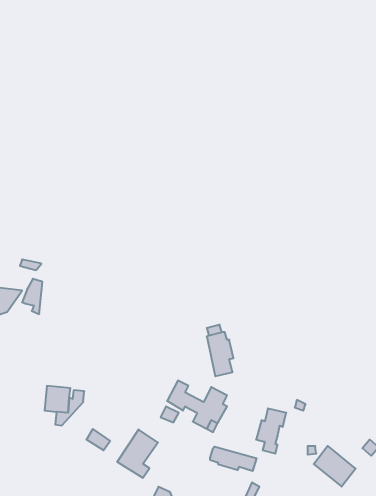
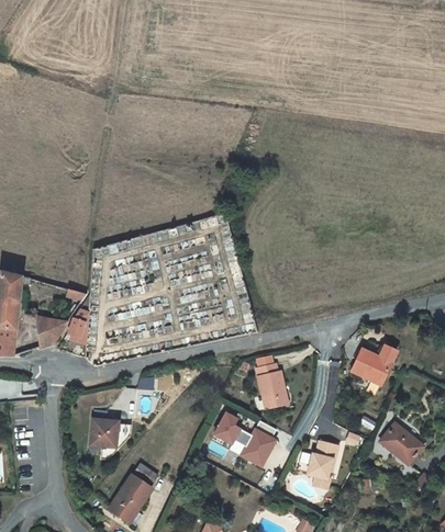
building: none -> [351,344,396,384]
building: [117,429,158,478] -> [109,475,151,524]
building: [314,446,356,487] -> [379,422,422,464]
building: [210,447,257,471] -> none

